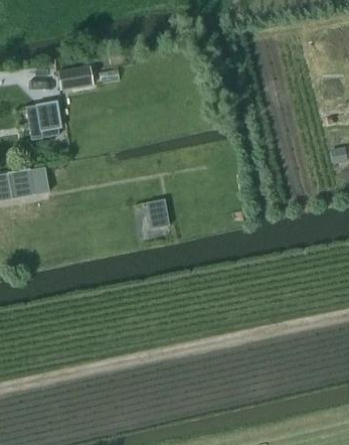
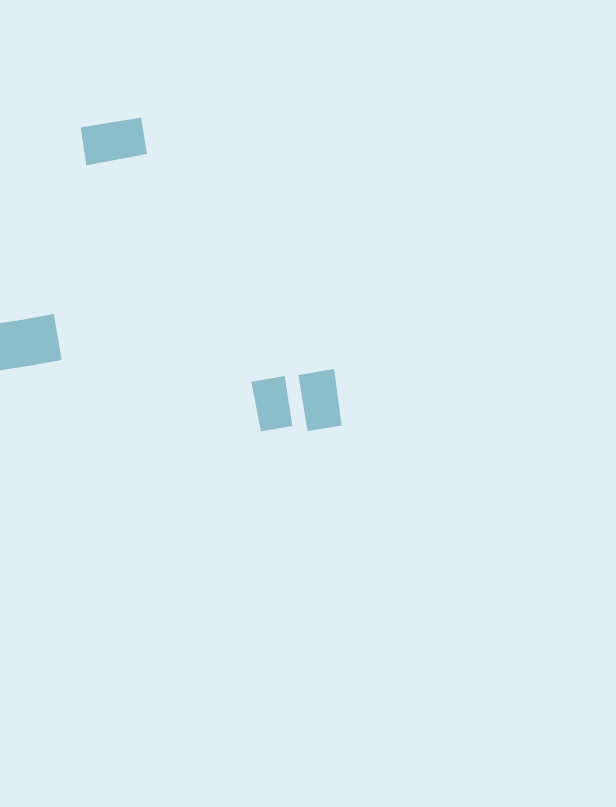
building: [35,103,58,138] -> none
building: none -> [298,368,342,432]

